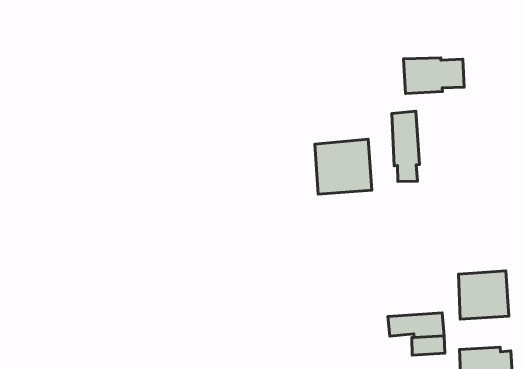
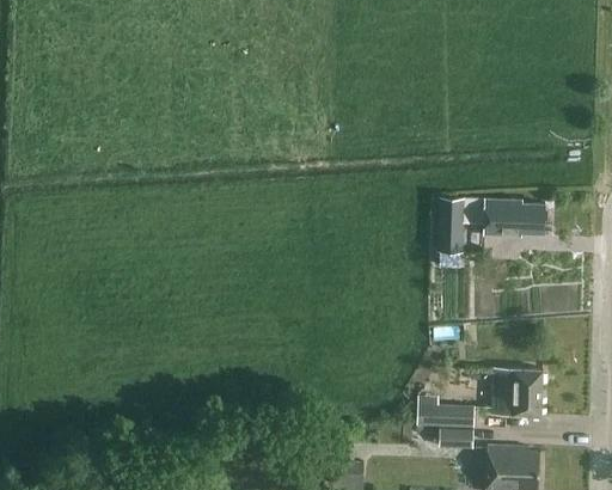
building: [404,58,464,94] -> [482,198,544,235]
building: [315,139,372,194] -> none

